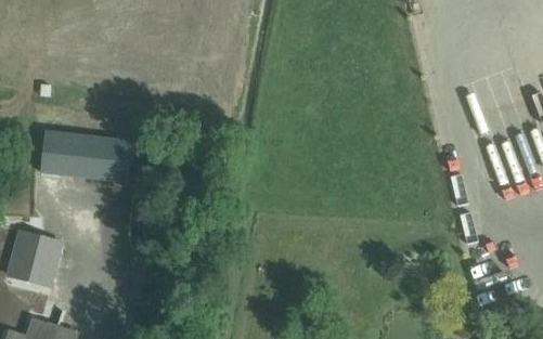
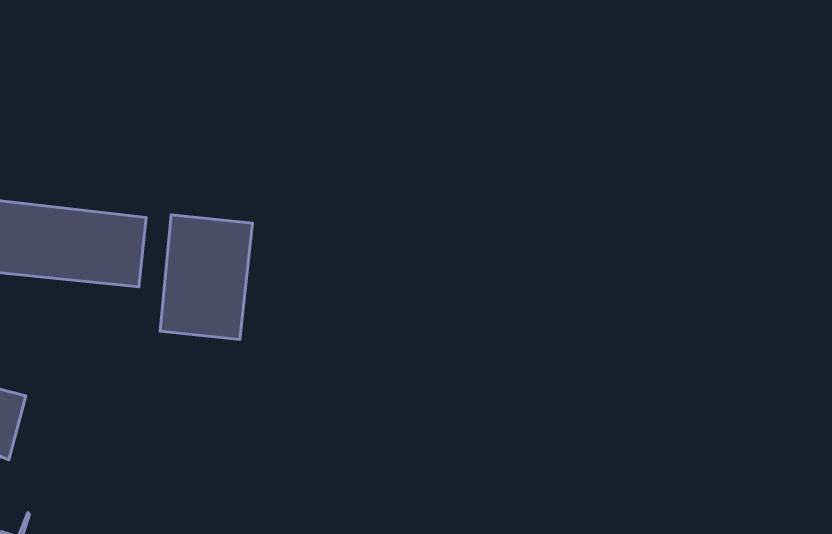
building: none -> [160,215,253,340]

